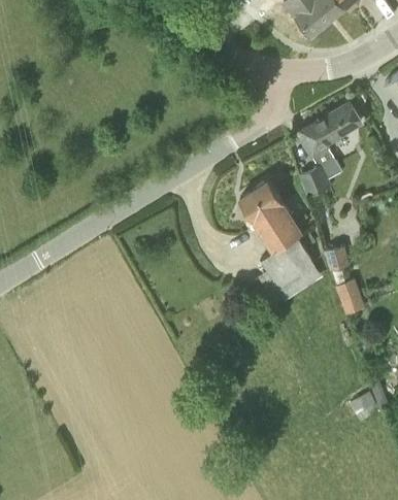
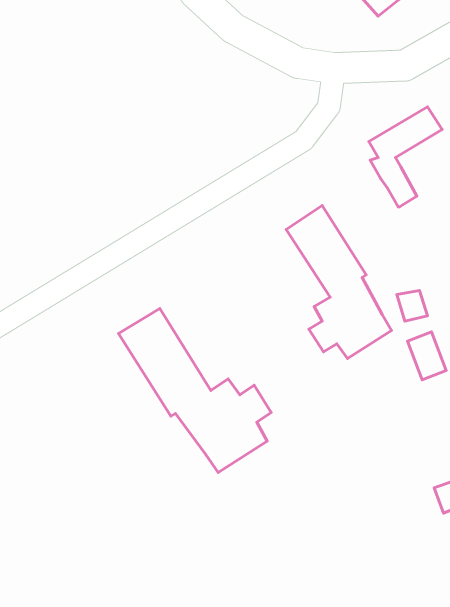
building: [299,167,331,197] -> none
building: none -> [118,308,271,472]

